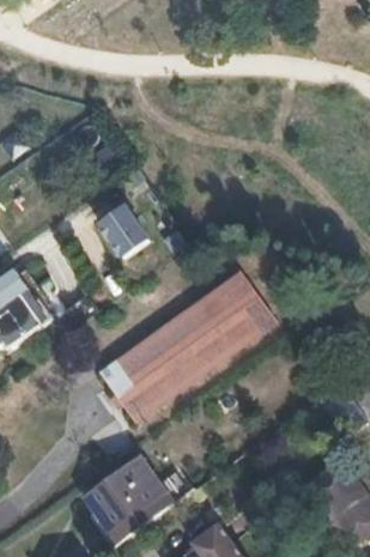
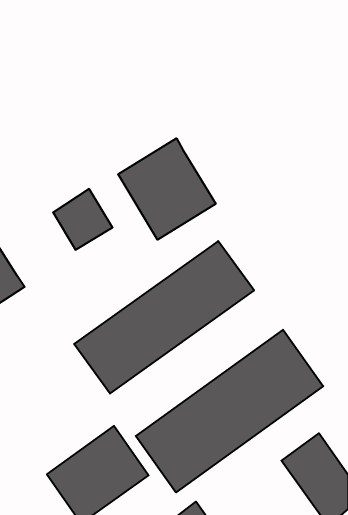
building: none -> [118,138,216,240]
building: none -> [136,330,323,492]

